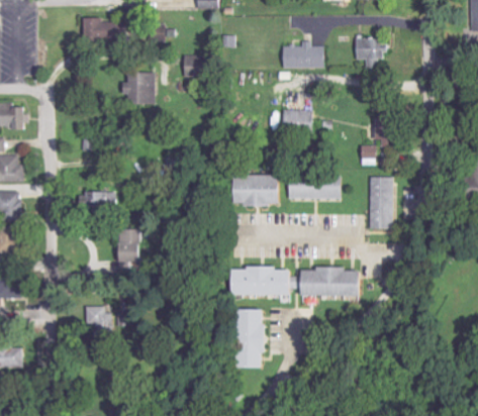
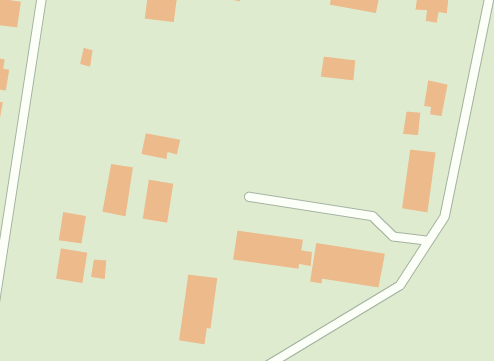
building: [235,174,281,205] -> none
building: [288,176,341,199] -> none
building: [82,190,114,210] -> [140,132,181,160]
building: none -> [142,179,174,223]
building: none -> [58,211,87,244]
building: [238,308,266,367] -> [178,274,218,345]

